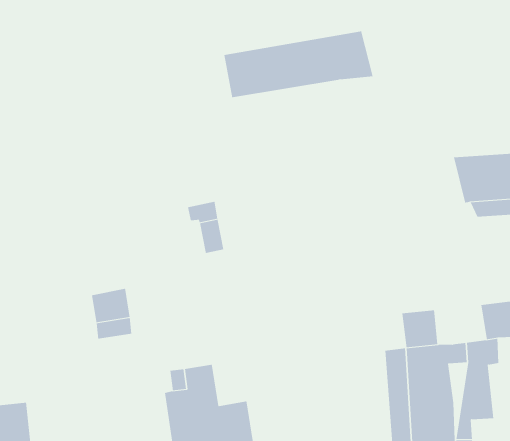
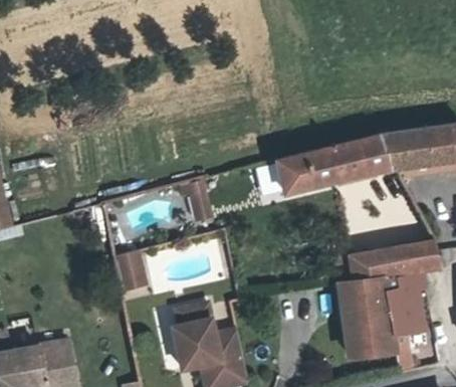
building: [224,31,373,98] -> [276,135,391,192]
building: none -> [374,245,414,277]

